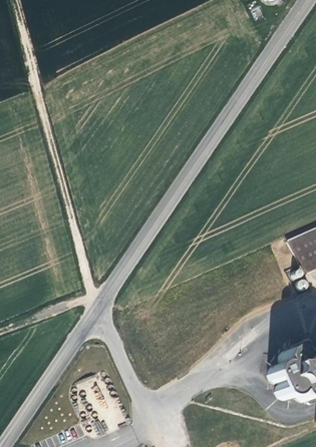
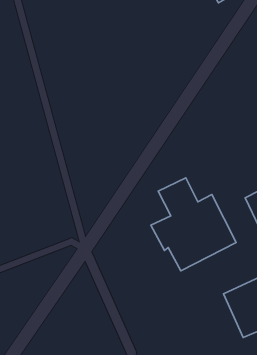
building: none -> [151,178,236,271]

